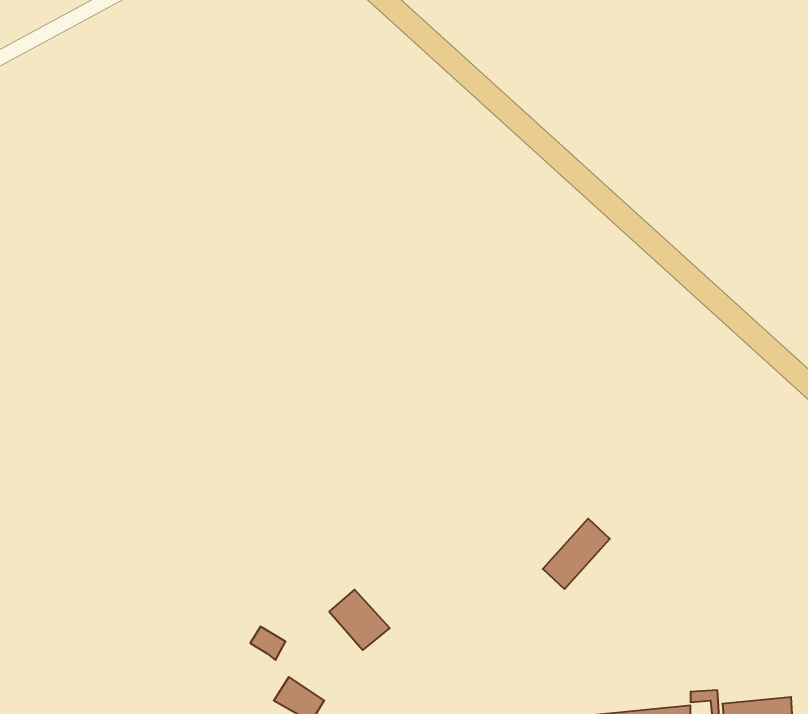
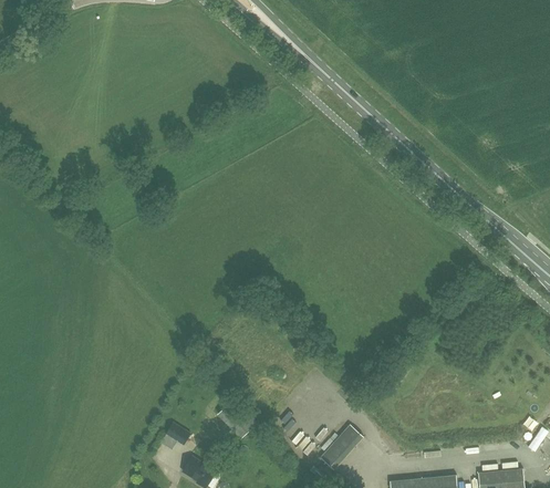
building: [543,519,610,589] -> [318,423,362,469]

